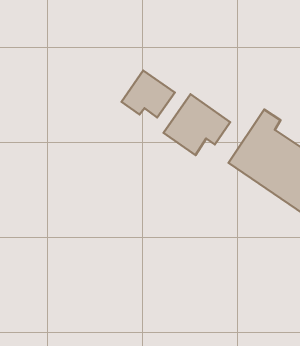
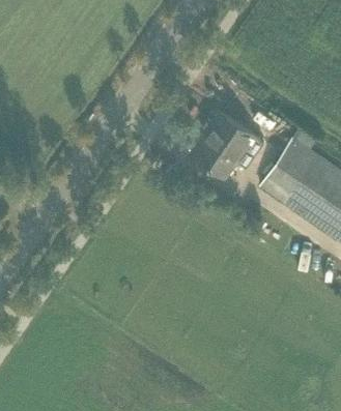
building: [121,70,175,118] -> none

